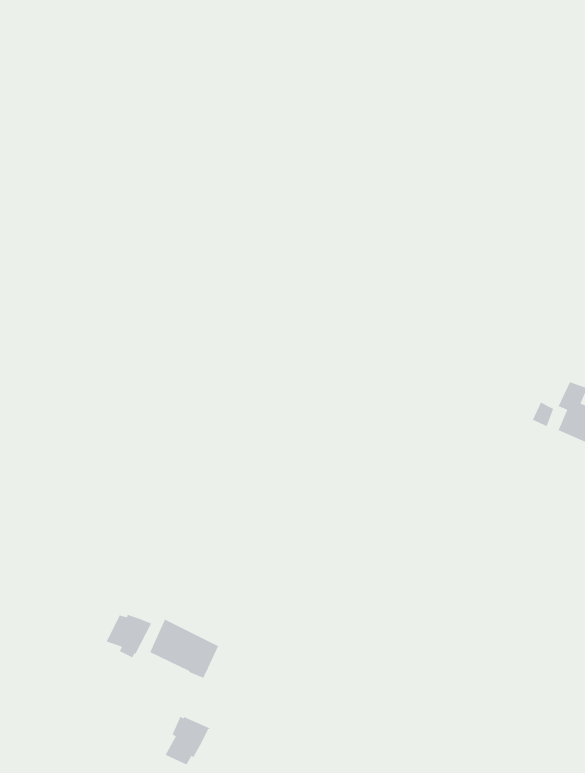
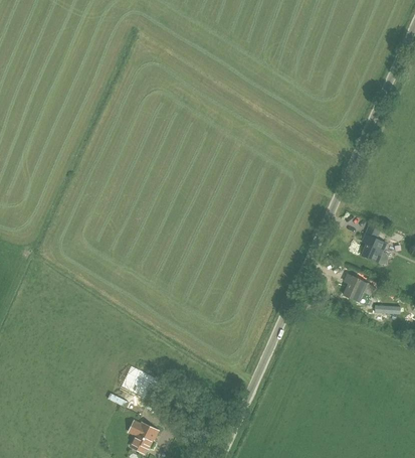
building: none -> [344,274,369,302]
building: [106,614,152,658] -> none

